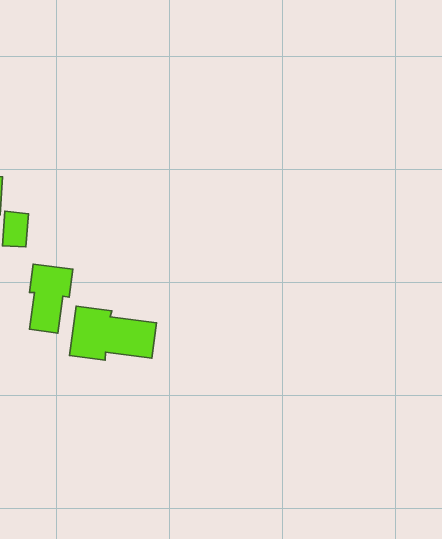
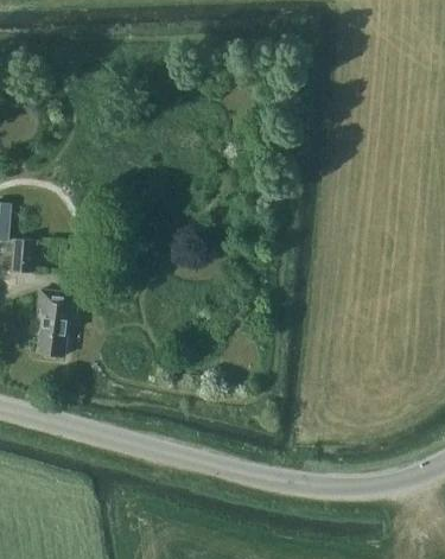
building: [70,306,157,360] -> none

